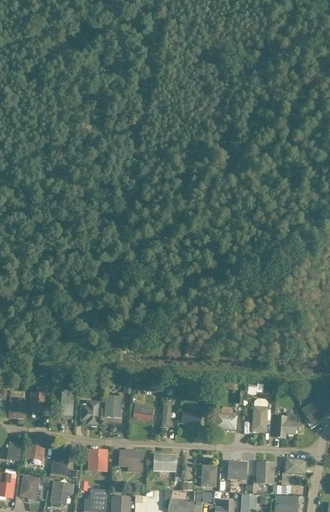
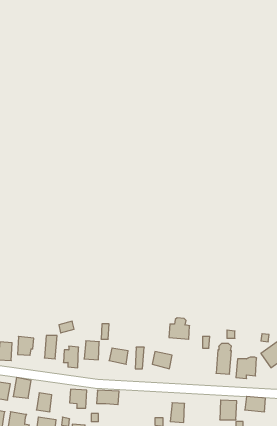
building: [214,407,237,431] -> [169,318,190,339]
building: [152,454,176,472] -> none
building: [227,461,247,480] -> none

